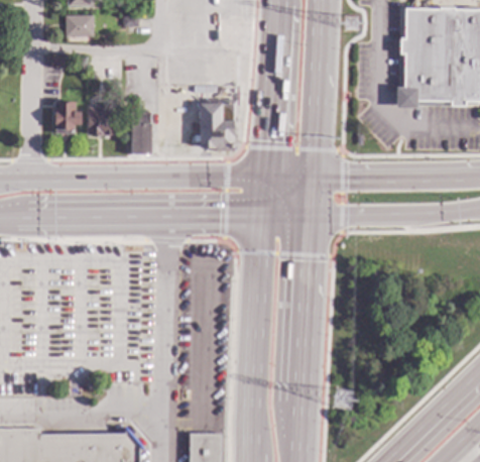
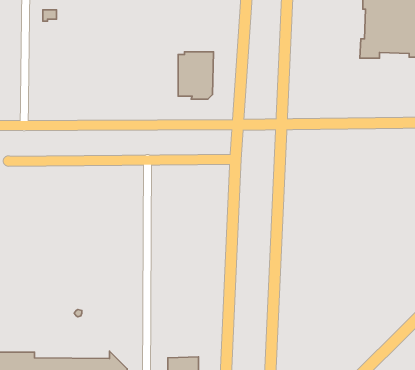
building: [54,100,83,136] -> none
building: [89,108,116,135] -> none
building: [131,115,151,155] -> none

